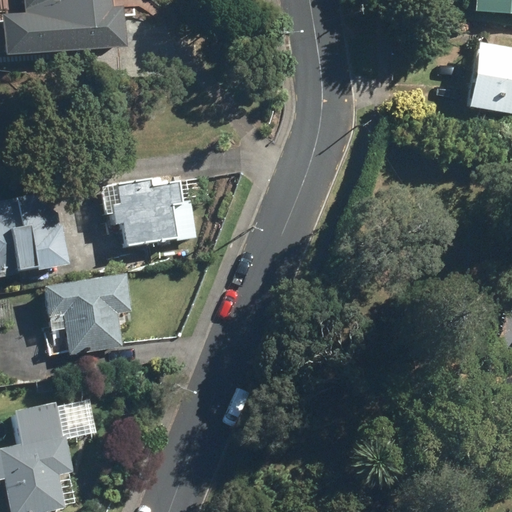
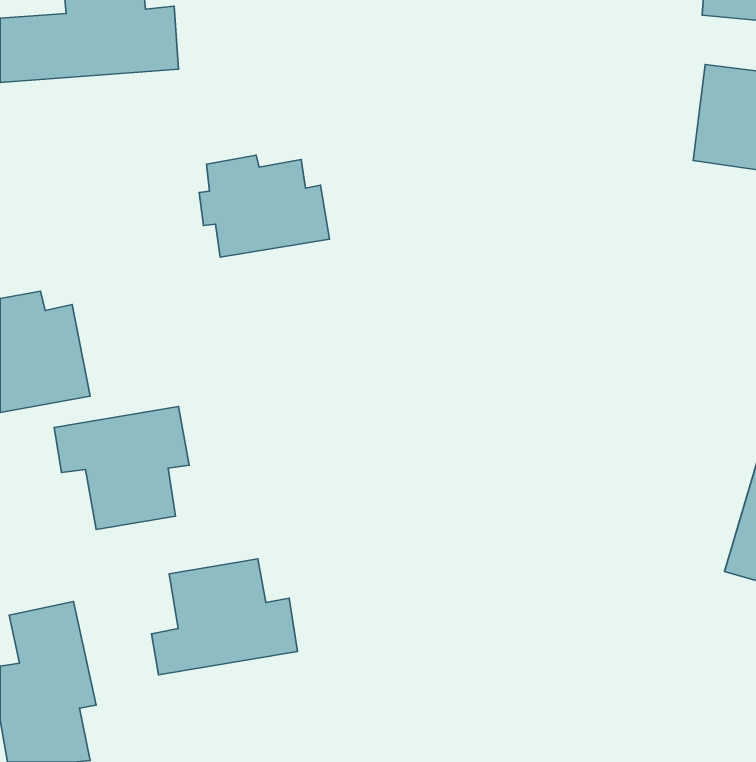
building: [108,179,195,247] -> [199,155,330,257]
building: none -> [152,559,297,675]

